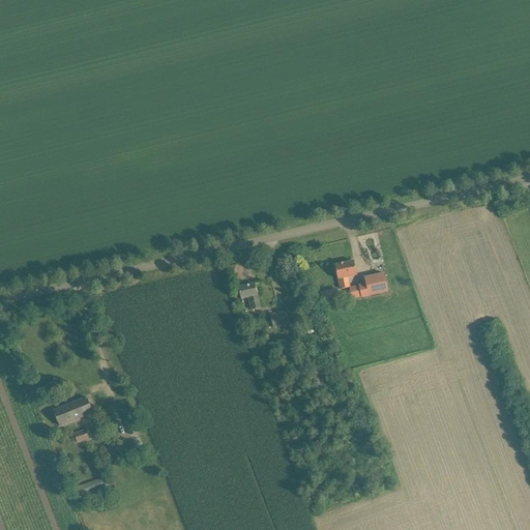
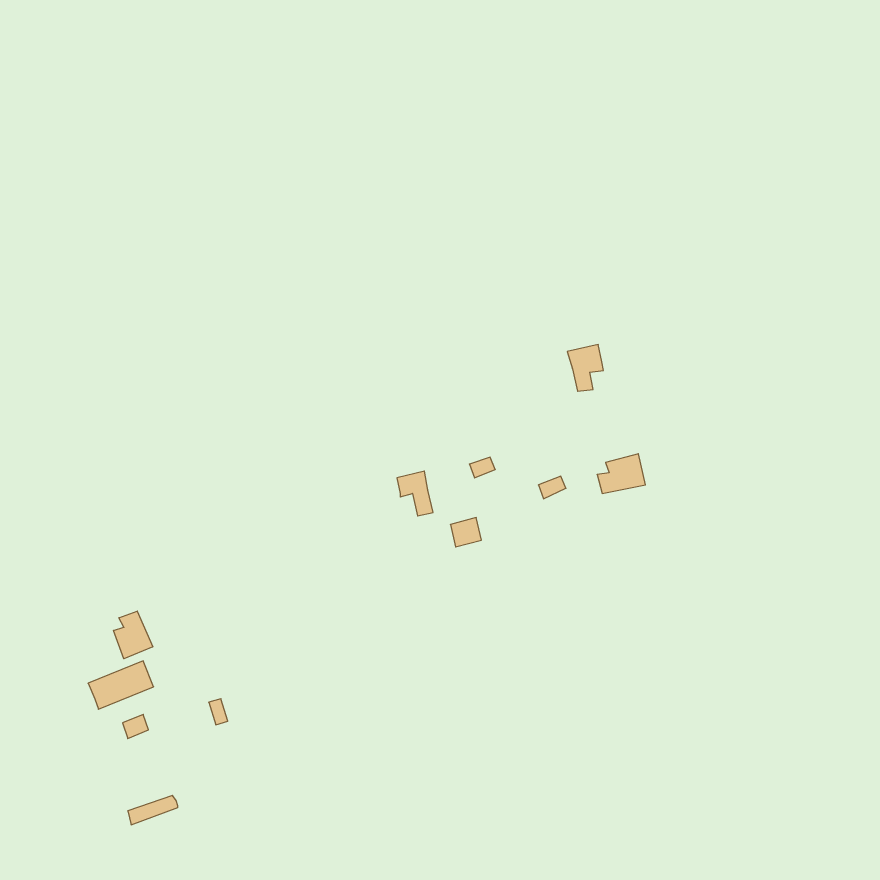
building: [334,260,356,288] -> [567,345,603,391]
building: none -> [114,611,153,659]

